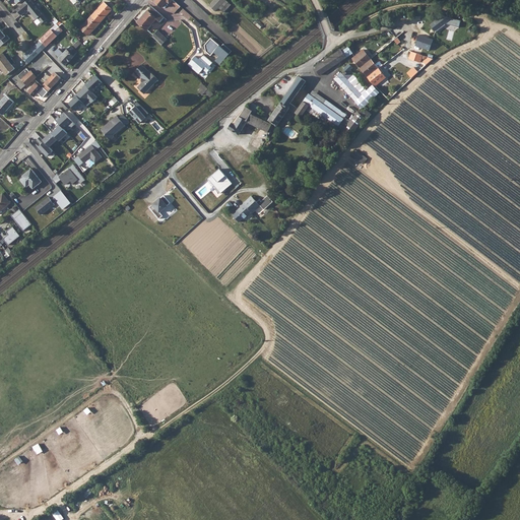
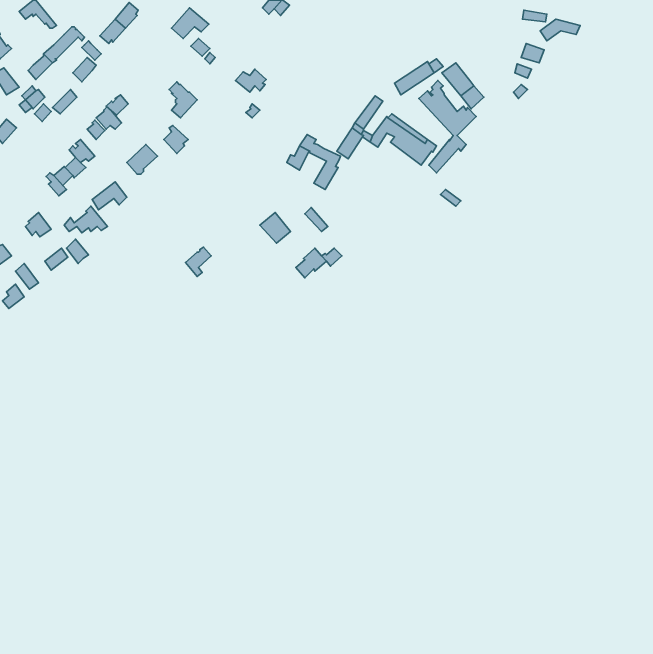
building: [203,38,232,67] -> none

